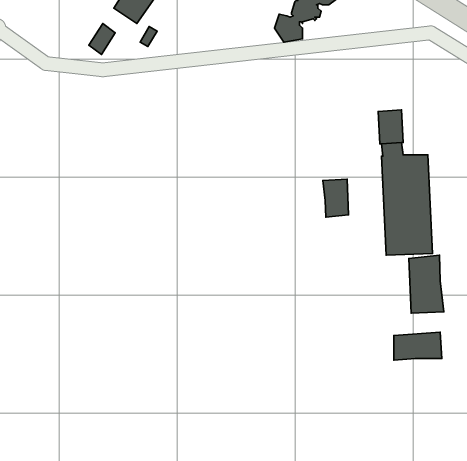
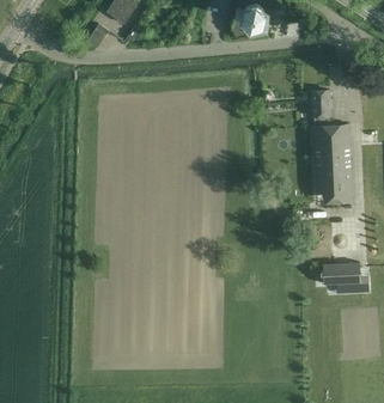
building: [323,179,348,217] -> none
building: [409,255,444,313] -> none

